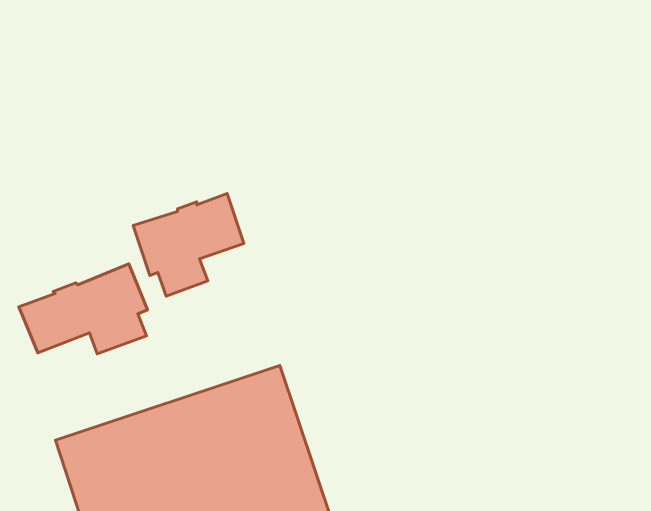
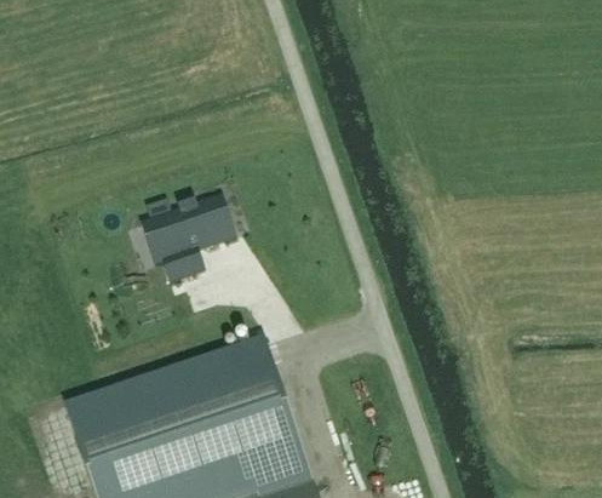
building: [19,264,148,354] -> none

